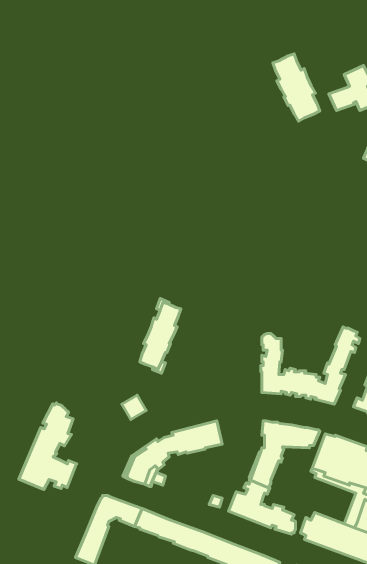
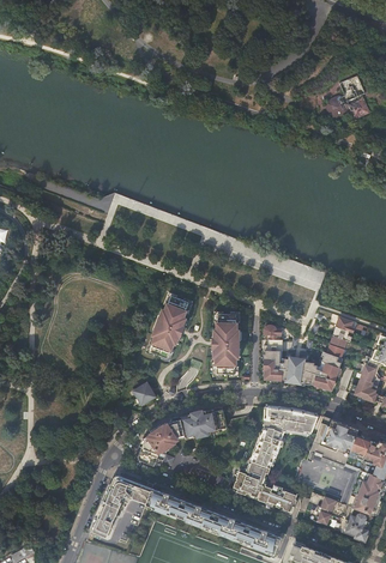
building: [273,54,320,121] -> none
building: none -> [215,314,239,374]
building: [19,403,77,490] -> none

